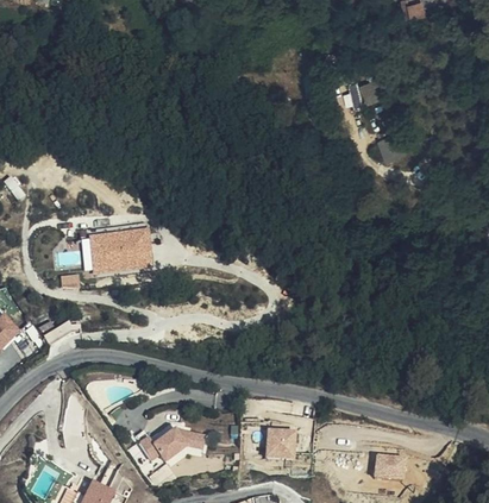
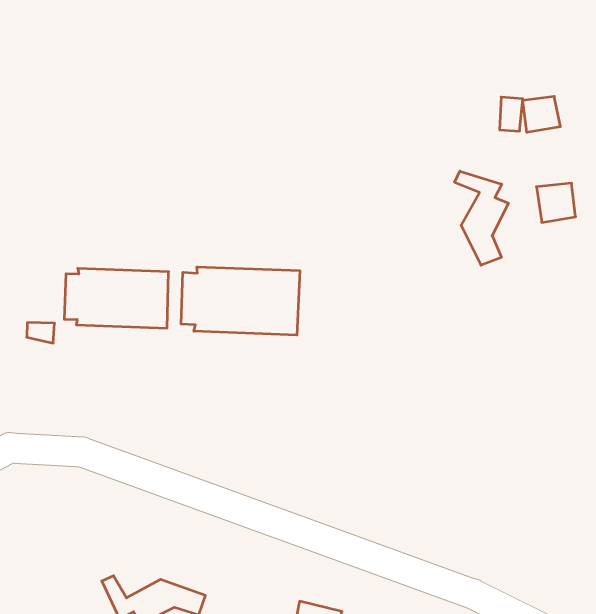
building: none -> [455,171,508,265]
building: none -> [181,267,300,335]

